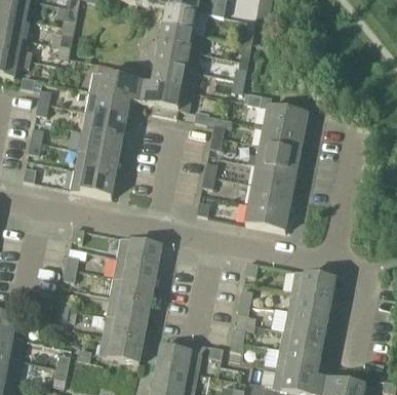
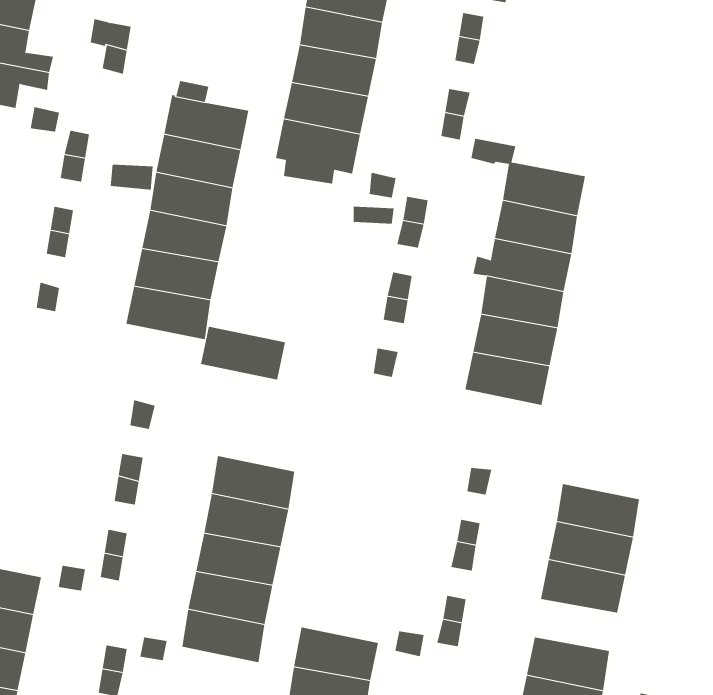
building: [117,236,161,264] -> [200,326,286,380]
building: [280,329,323,356] -> none

